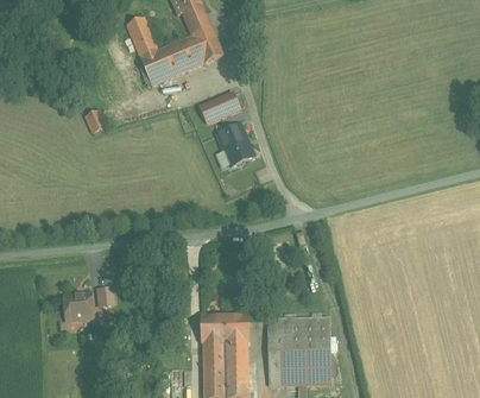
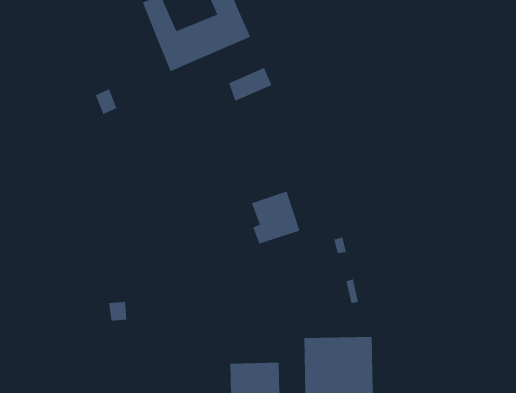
building: [214,122,258,170] -> [251,191,301,245]
building: [63,293,91,321] -> none
building: [202,312,247,342] -> none

